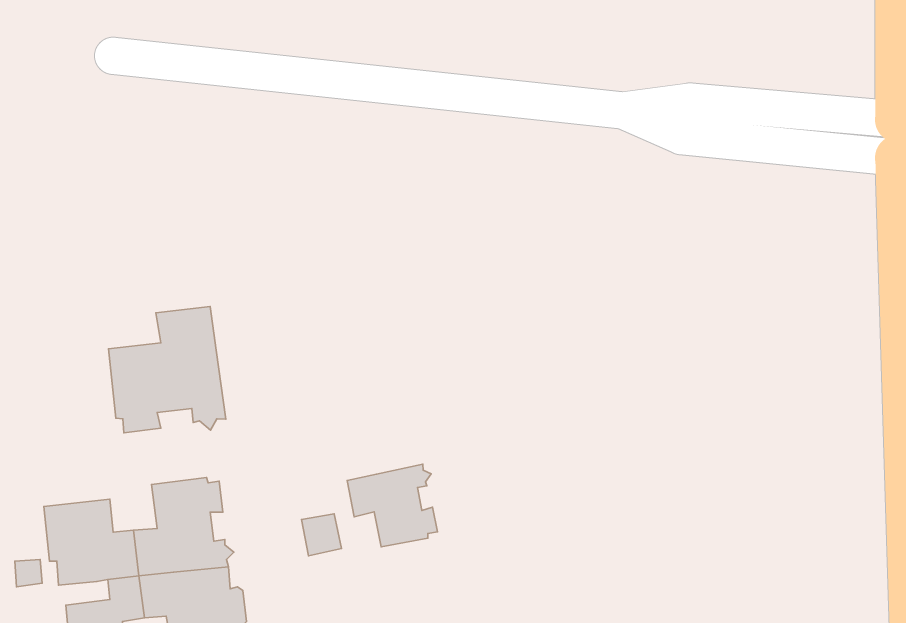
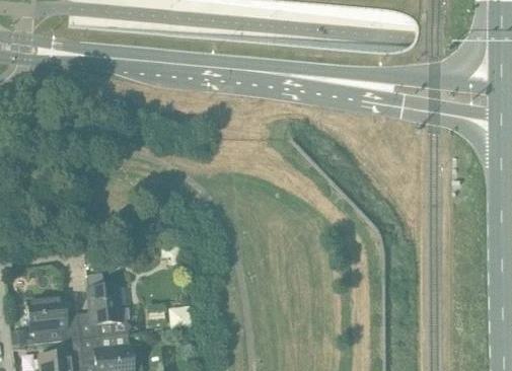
building: [108,306,226,433] -> none
building: [347,464,437,547] -> none

